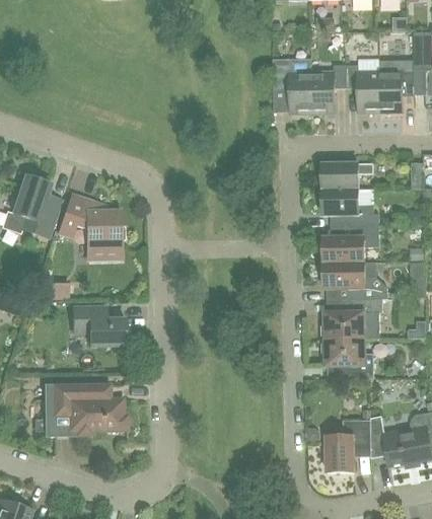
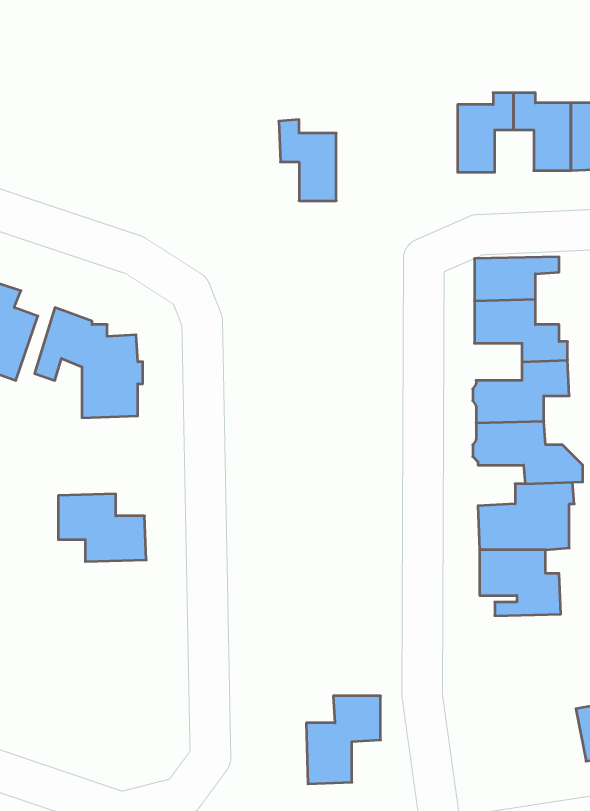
building: [278,63,312,112] -> [279,120,336,201]
building: [46,384,127,434] -> none
building: [327,419,371,471] -> [306,696,381,784]

